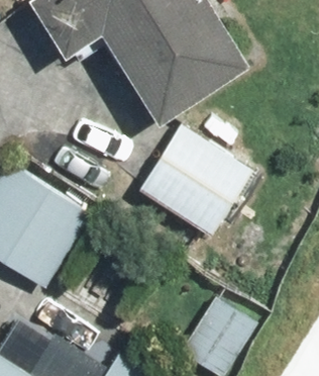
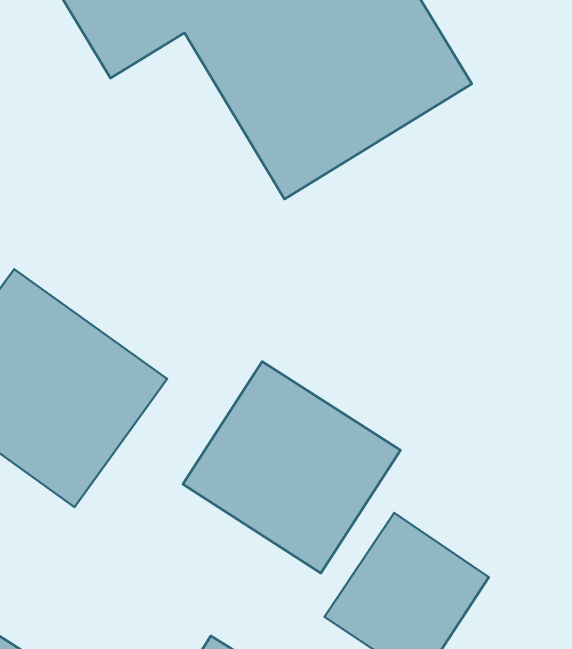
building: [138,122,254,236] -> [183,361,400,573]

